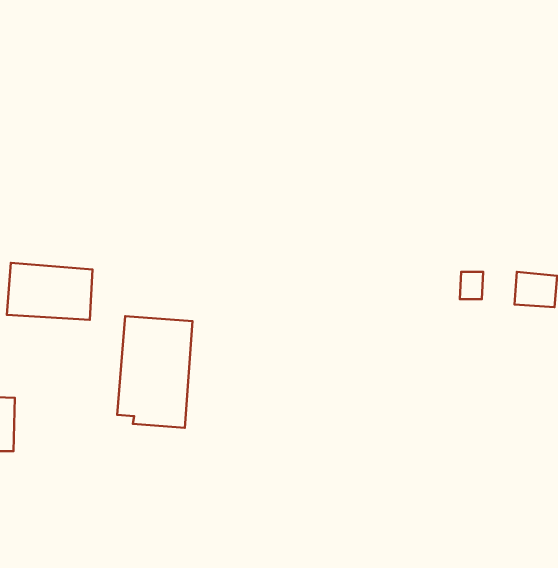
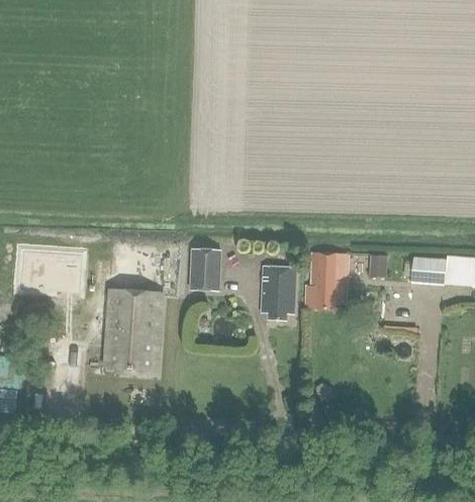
building: none -> [189,247,221,291]
building: none -> [305,254,350,310]
building: none -> [262,267,293,321]

